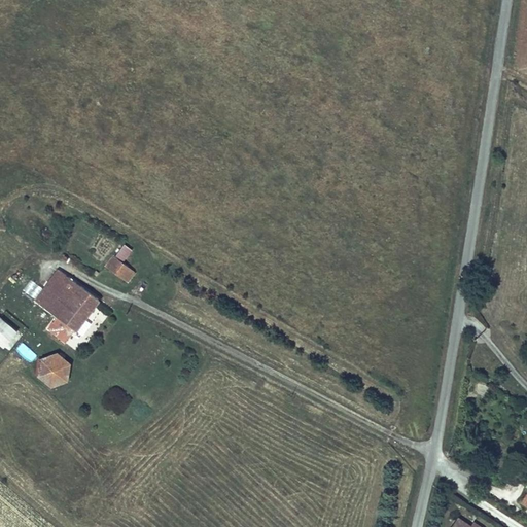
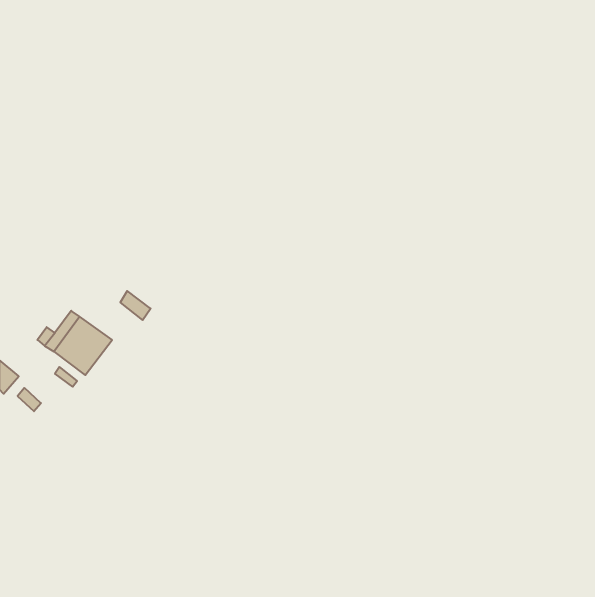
building: [38,353,70,386] -> none

